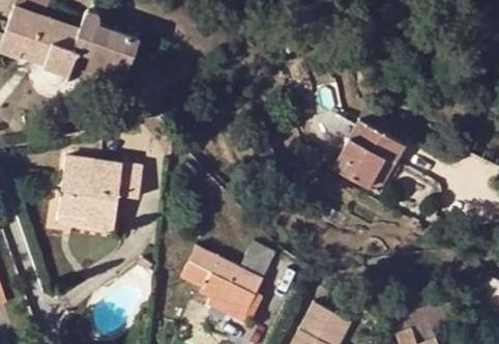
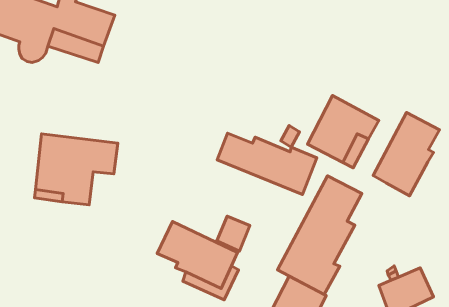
building: none -> [373,113,440,196]
building: none -> [217,133,317,195]
building: none -> [277,176,362,294]

